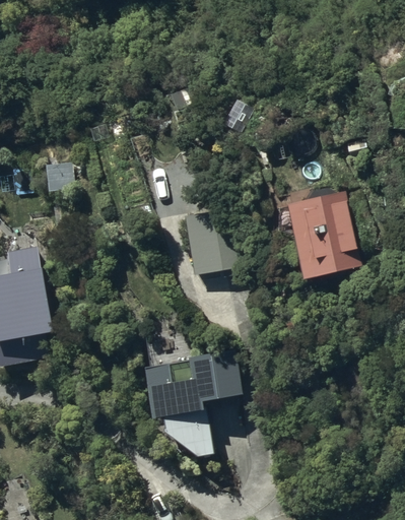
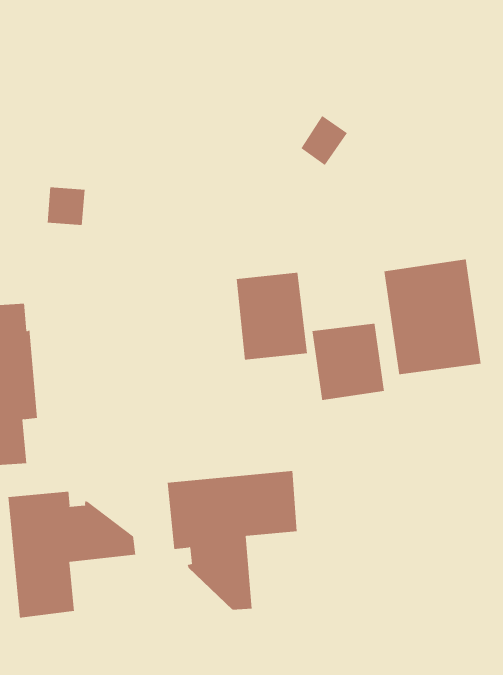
building: none -> [312,323,385,401]
building: none -> [8,491,136,618]

